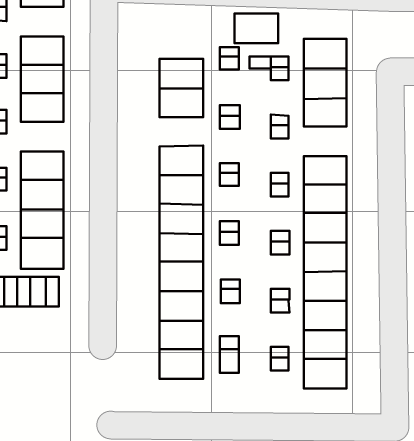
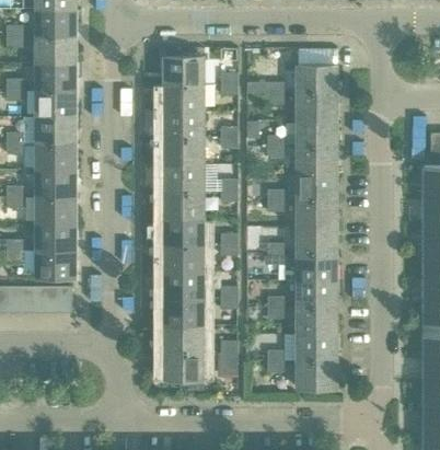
building: none -> [35,35,74,62]
building: [234,14,278,43] -> [163,56,204,83]
building: none -> [163,137,204,164]
building: none -> [35,141,74,169]
building: none -> [297,146,336,173]

